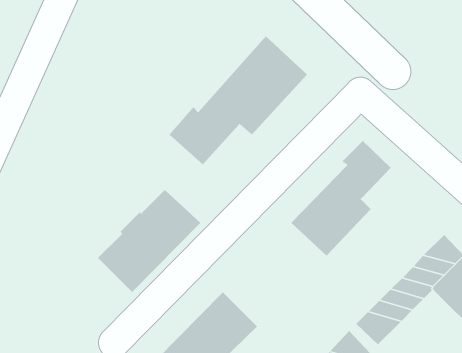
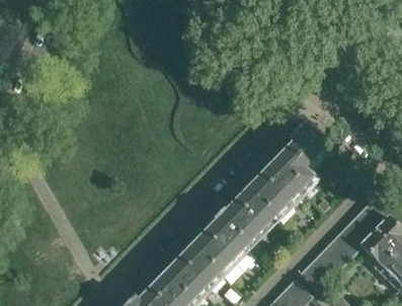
building: [169,36,308,165] -> none
building: [97,189,201,293] -> [190,190,274,275]

